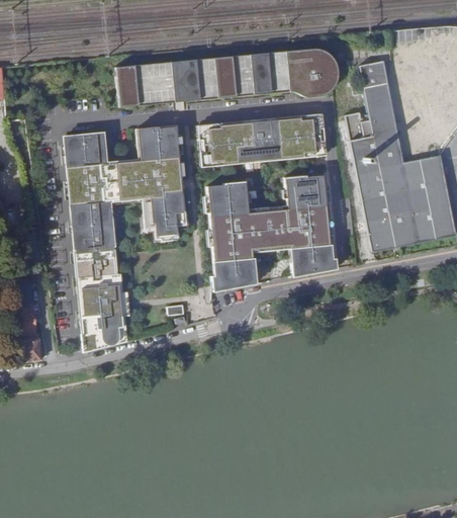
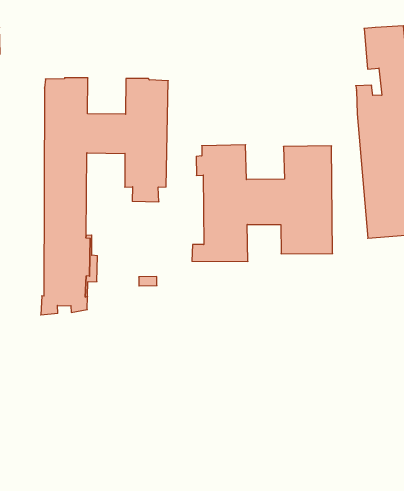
building: [115,48,338,107] -> none
building: [199,114,323,167] -> none

